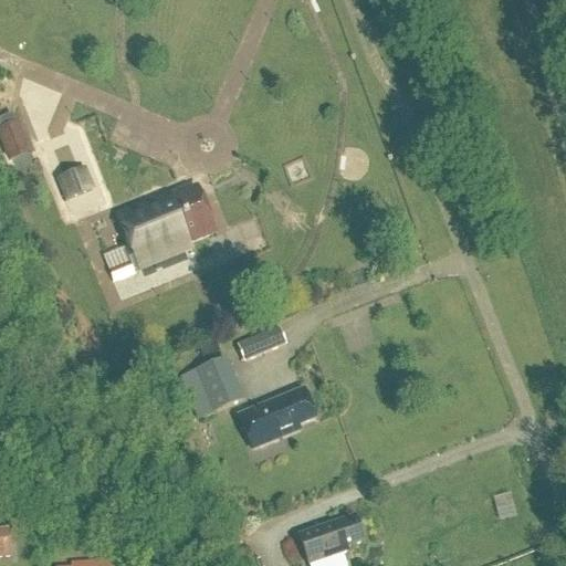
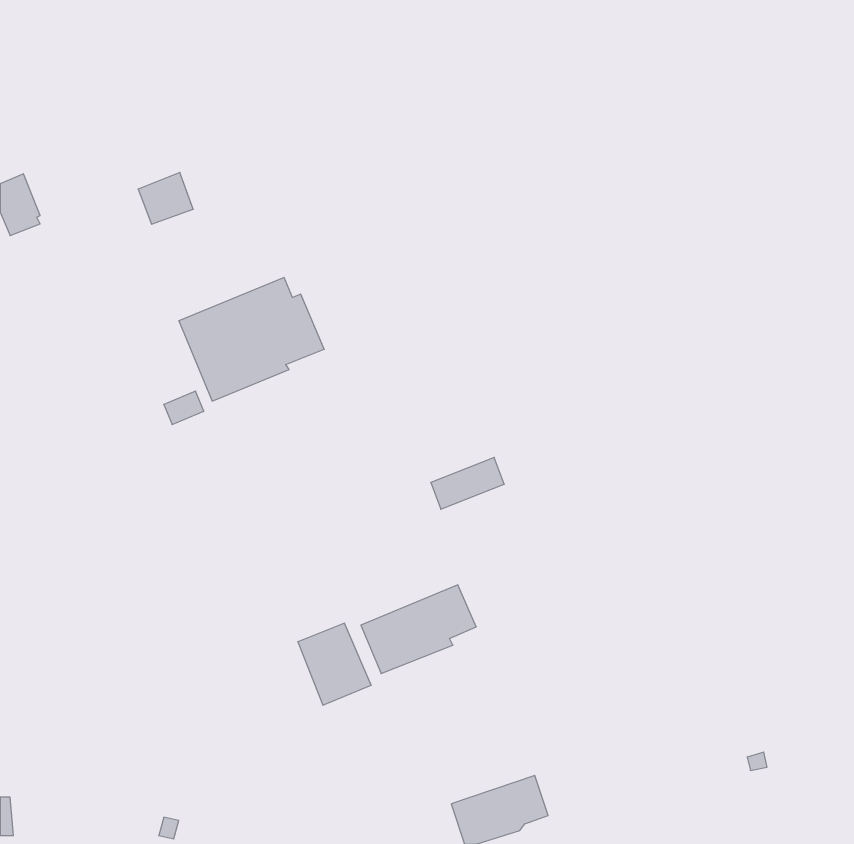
building: [56,165,93,199] -> [138,172,193,224]
building: [237,326,285,360] -> [431,457,504,509]
building: [195,357,243,411] -> [298,623,371,705]

